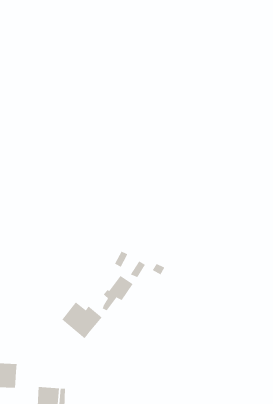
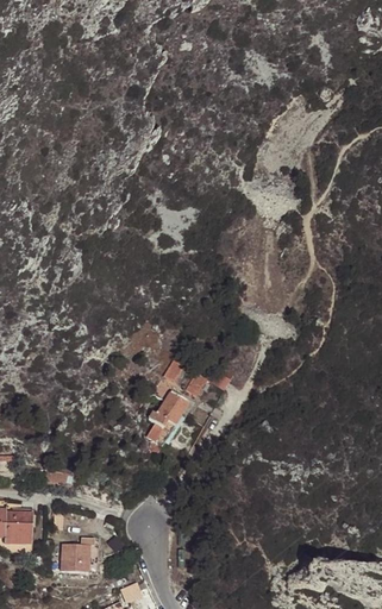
building: [61,302,102,339] -> none

